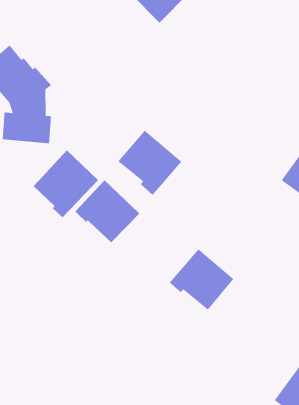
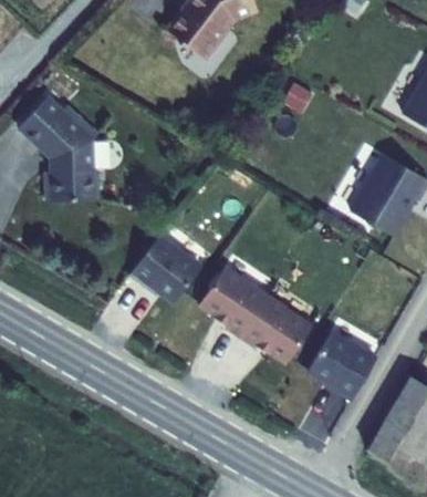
building: [117,130,182,196] -> [201,265,271,334]
building: [33,150,99,218] -> none
building: none -> [311,330,378,397]

